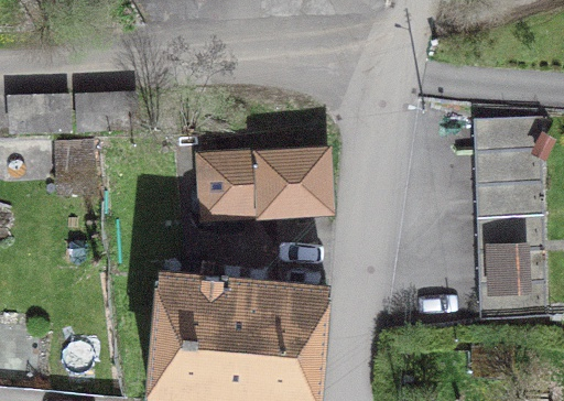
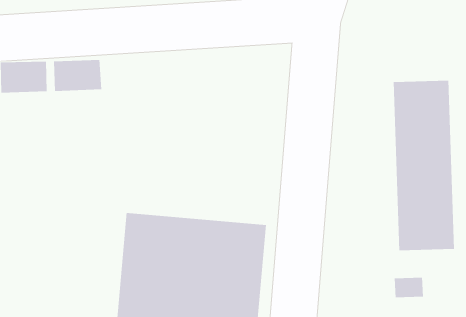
building: [200,149,330,216] -> none

